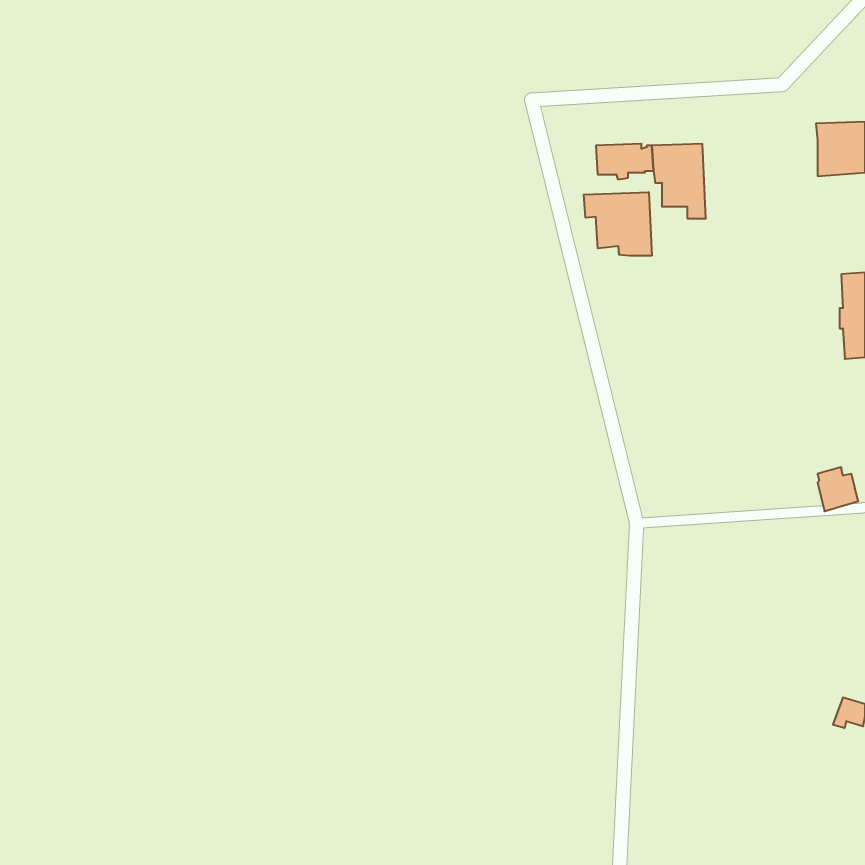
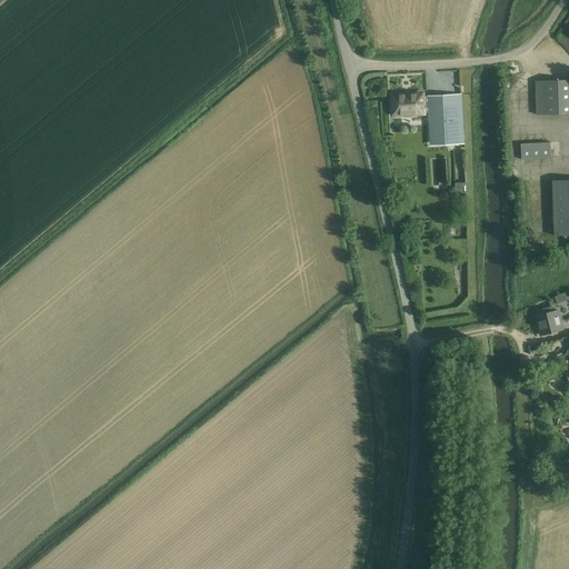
building: [584,192,652,256] -> none
building: none -> [521,143,551,160]

